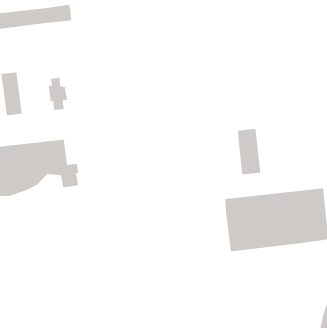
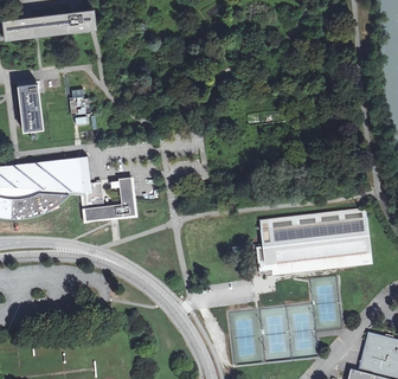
building: [237,128,261,175] -> none
building: none -> [84,176,135,219]

